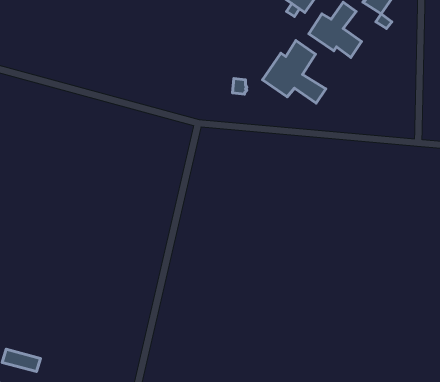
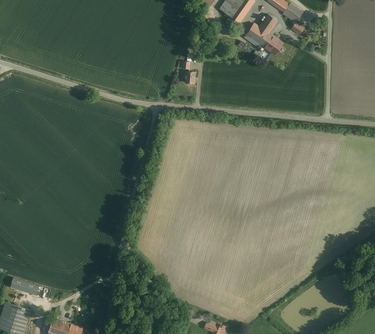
building: [263,41,326,103] -> none

